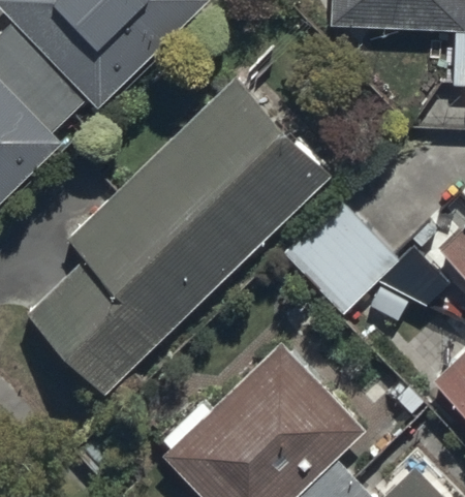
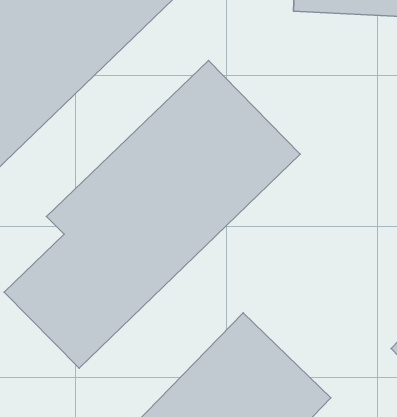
building: [278,196,396,314] -> none

